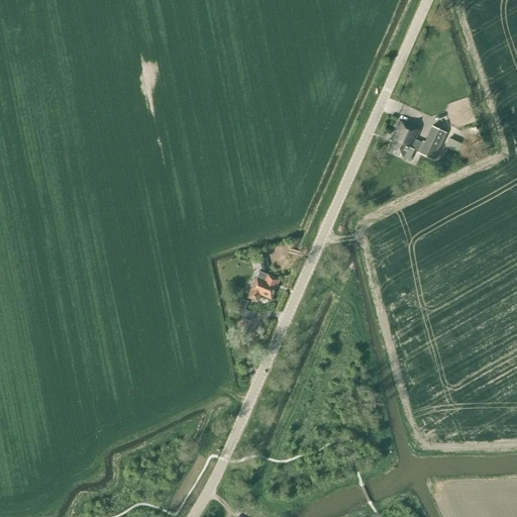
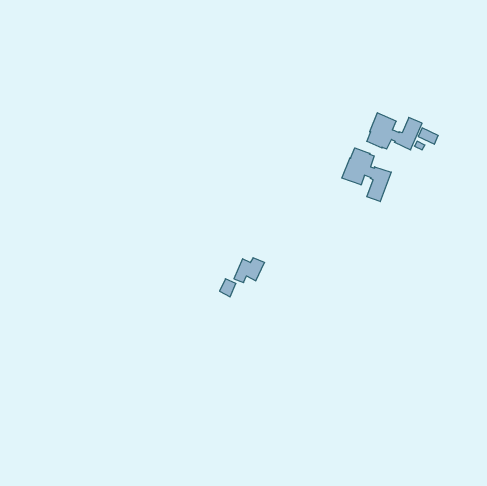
building: none -> [342,148,391,202]

